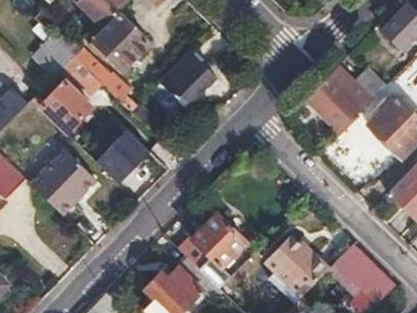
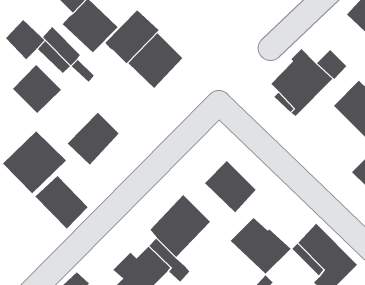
building: none -> [104,10,159,64]
building: none -> [204,160,257,213]
building: none -> [34,175,89,230]

